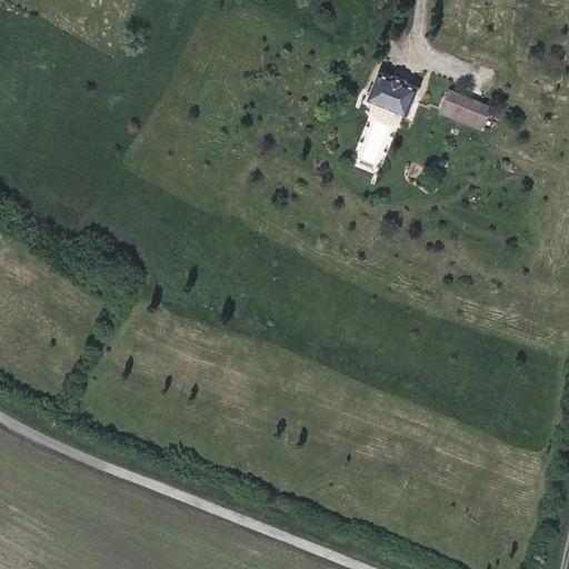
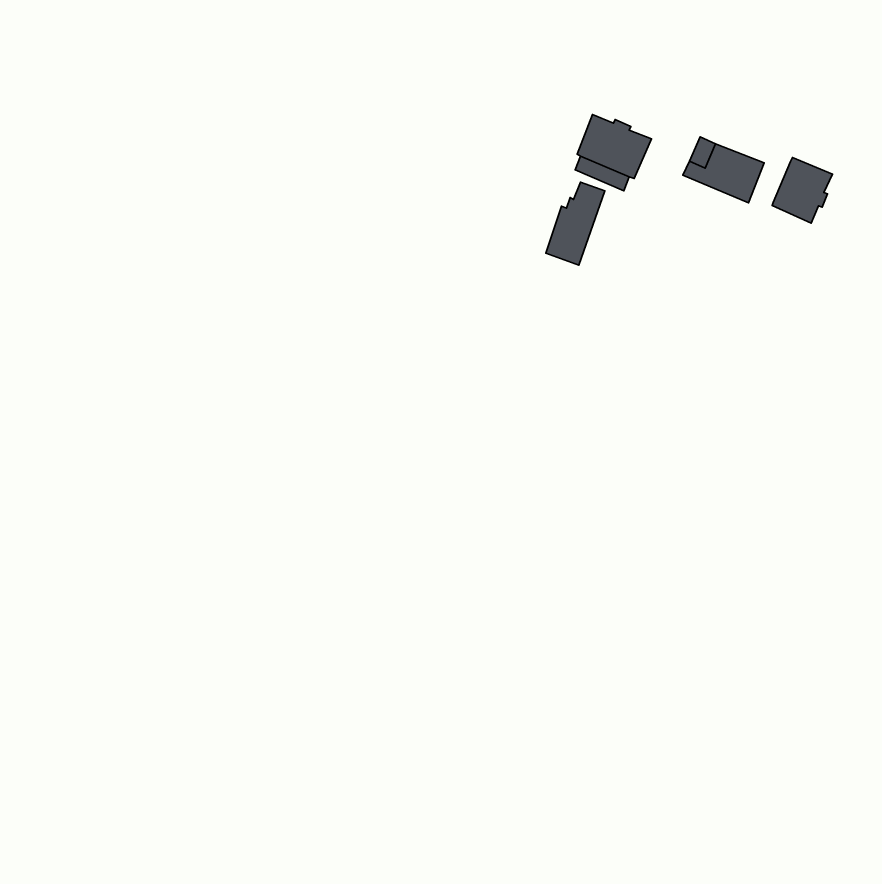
building: none -> [772,158,833,223]

